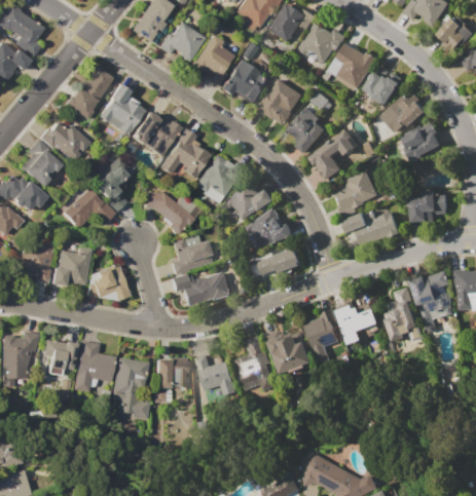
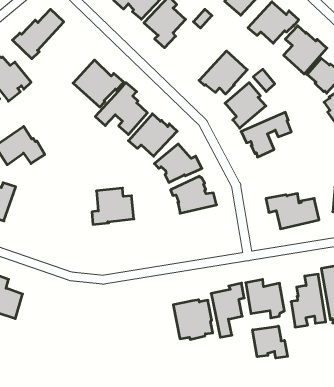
building: [221,59,269,104] -> none
building: [98,83,144,137] -> none
building: [97,154,132,212] -> none
building: [335,169,378,218] -> none
building: [145,191,203,233] -> none
building: [252,249,302,276] -> none
building: [87,263,130,301] -> none
building: [172,270,232,306] -> none
building: [234,335,276,390] -> none
building: none -> [253,326,288,358]
building: [195,354,236,395] -> none
building: [157,356,192,387] -> none
building: [112,357,150,419] -> none

